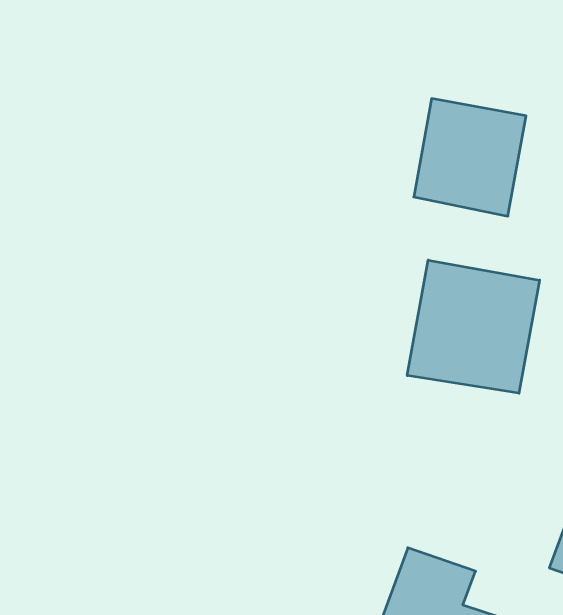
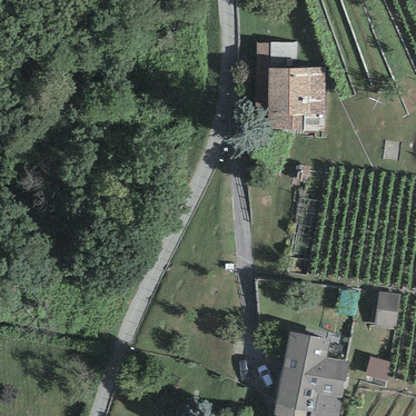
building: [407,260,540,393] -> none

